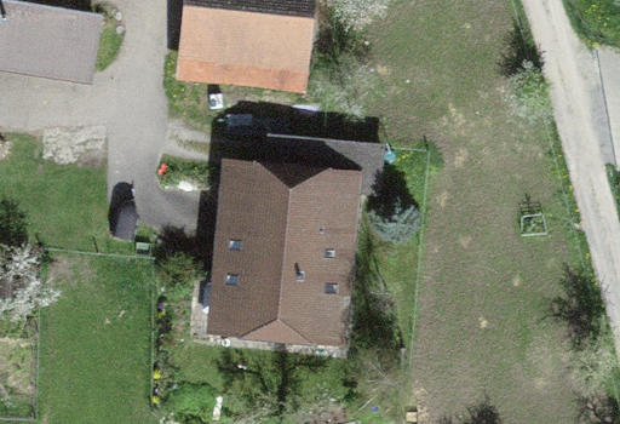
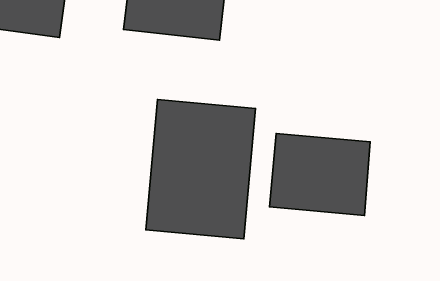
building: none -> [270,133,370,215]

